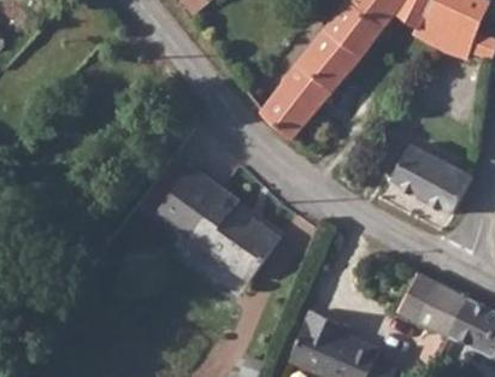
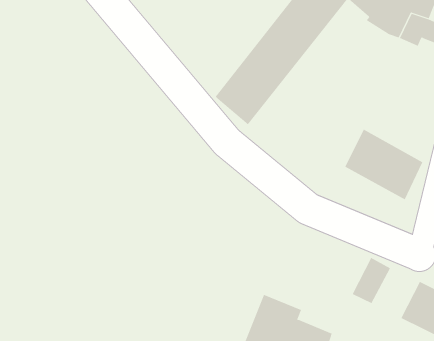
building: [153,166,279,282] -> none
building: [418,284,466,335] -> none

